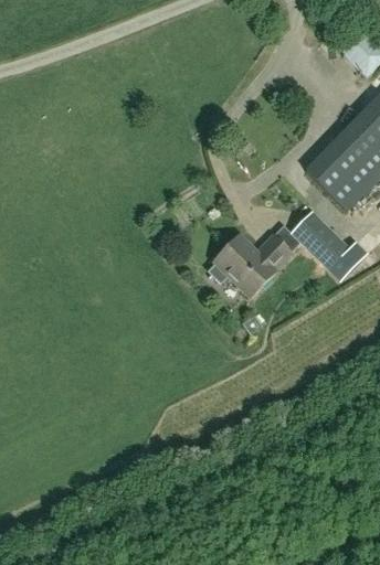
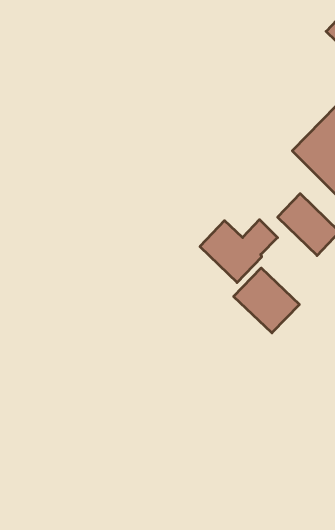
building: none -> [234,268,299,333]

